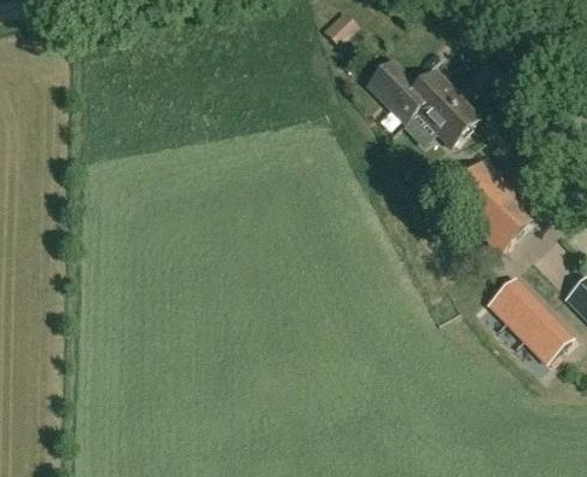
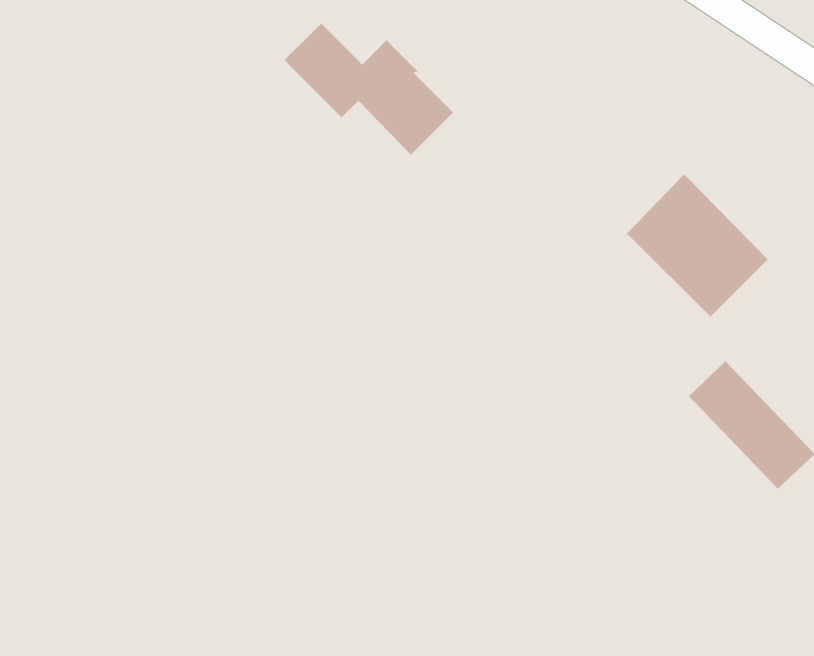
building: [370,59,480,145] -> [284,23,454,156]

